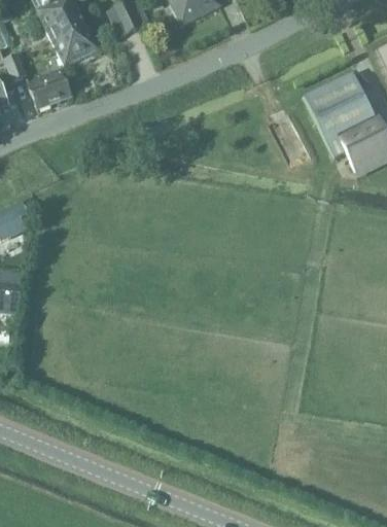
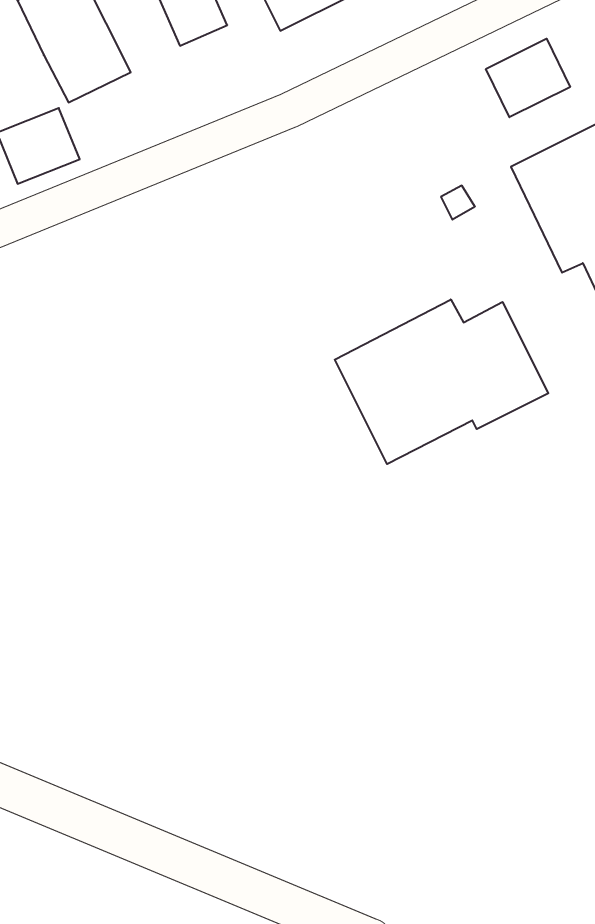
building: none -> [486,39,570,117]
building: none -> [335,299,548,464]

